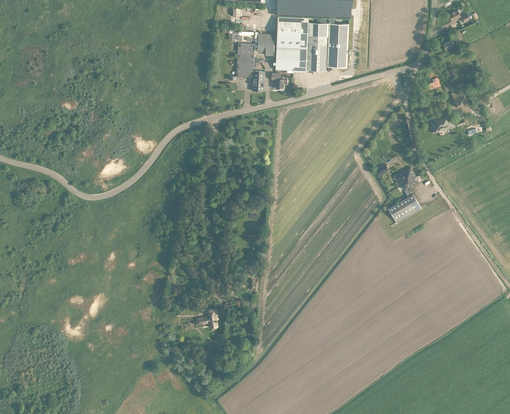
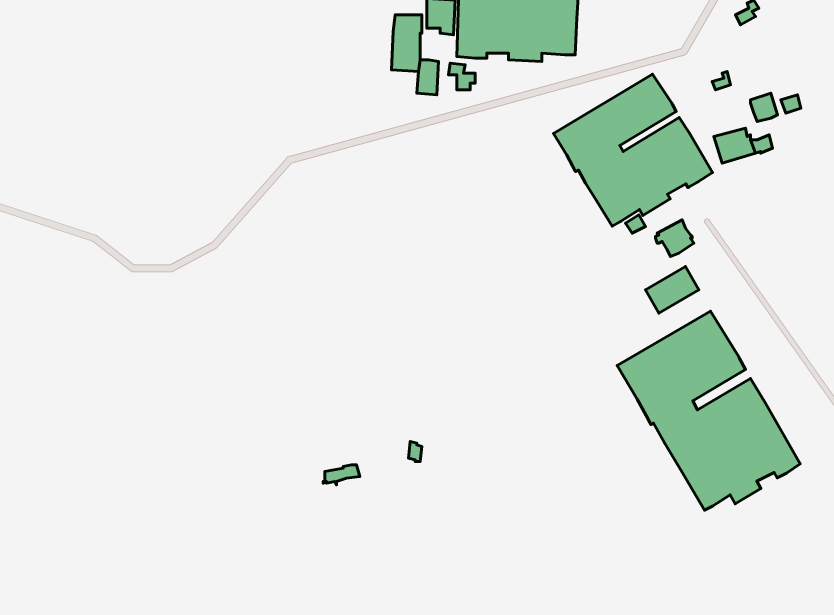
building: none -> [553,74,712,226]
building: none -> [617,311,800,510]

